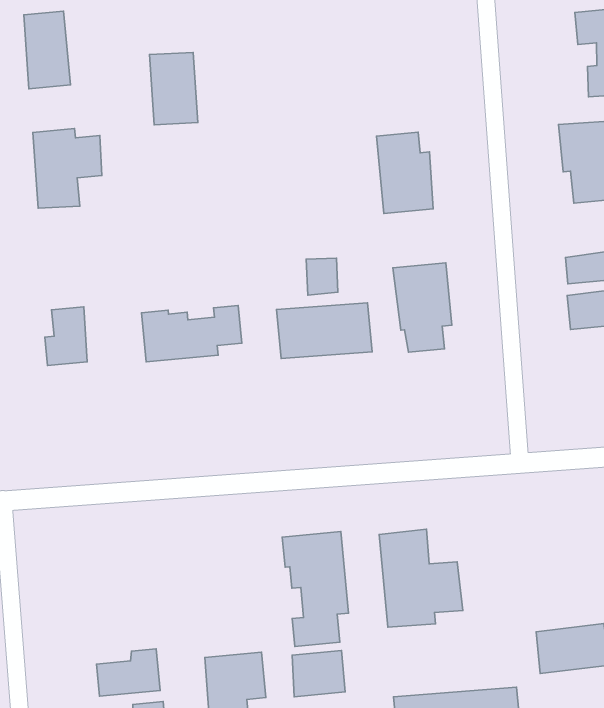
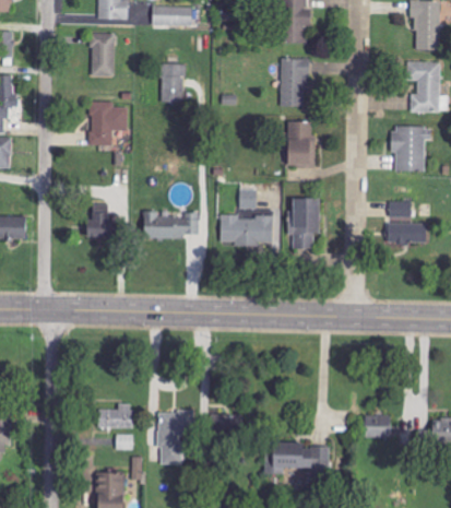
building: none -> [280,58,307,107]
building: [379,529,463,627] -> none
building: [282,532,348,646] -> none

